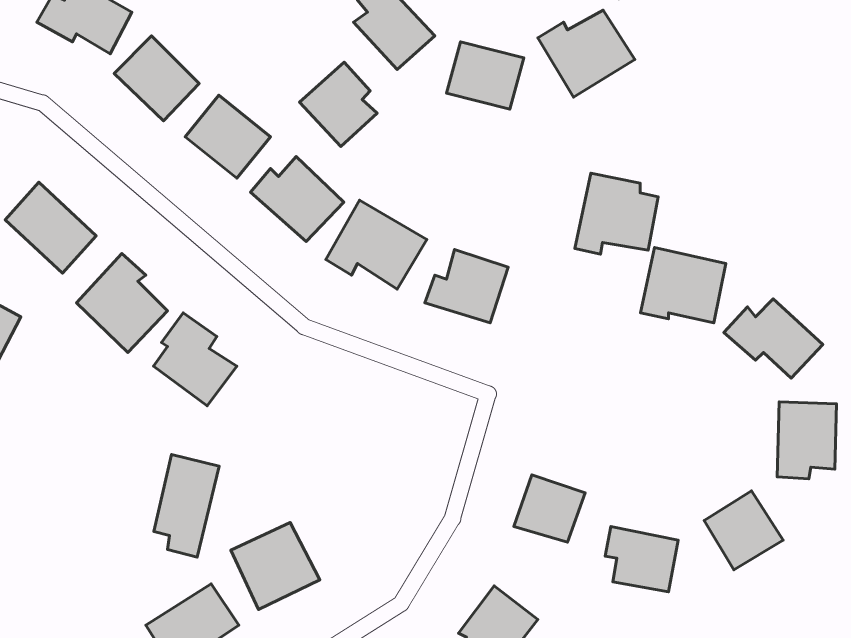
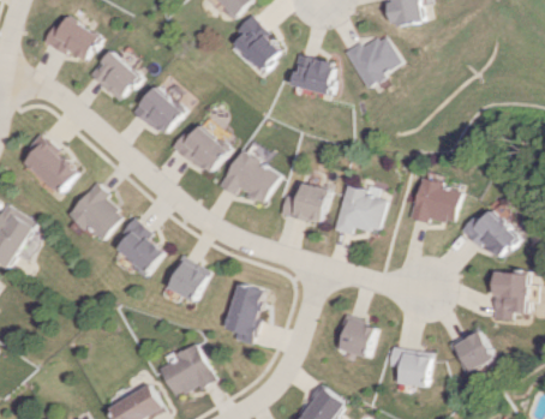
building: [300,62,377,146] -> none
building: [575,173,658,254] -> [333,185,383,234]
building: none -> [162,257,208,303]
building: [154,454,219,557] -> [224,282,264,345]

